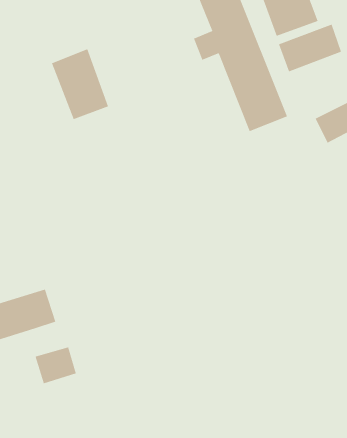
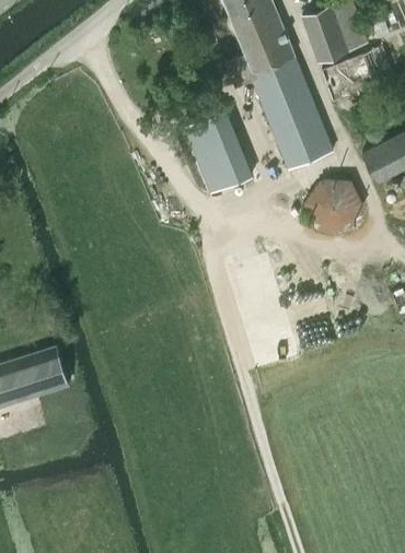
building: [51,49,109,120] -> [185,111,251,192]
building: none -> [303,179,363,232]
building: [35,347,77,384] -> none

